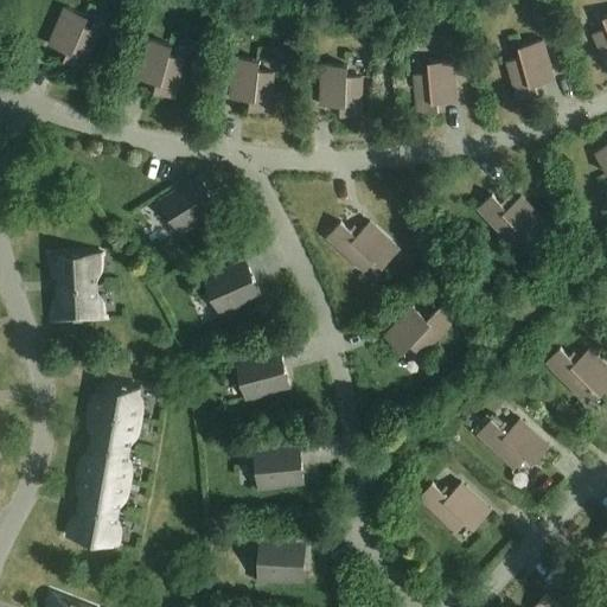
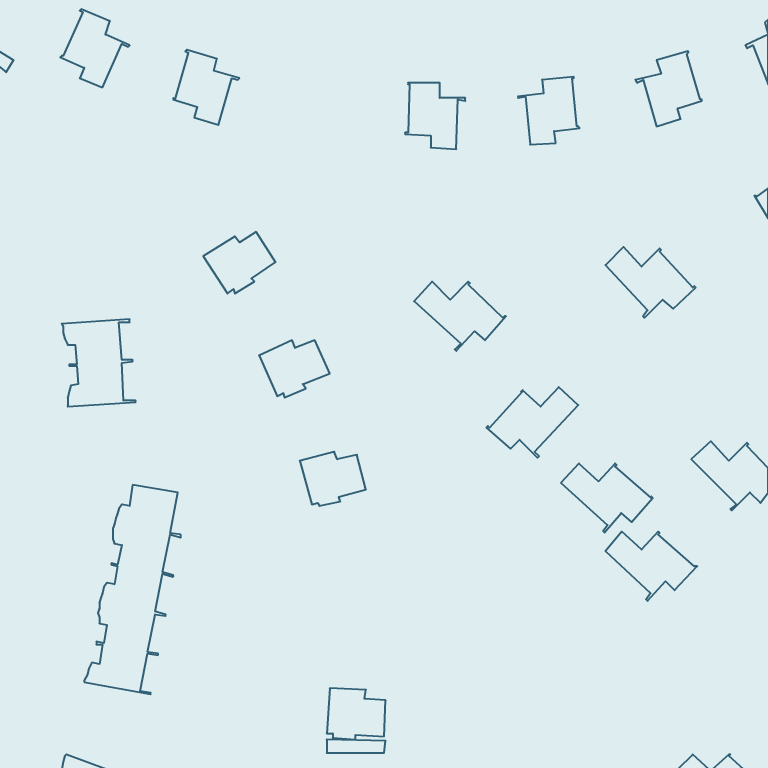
building: [229,59,277,114] -> none
building: [254,449,302,490] -> none
building: [417,484,490,538] -> [561,463,653,533]

